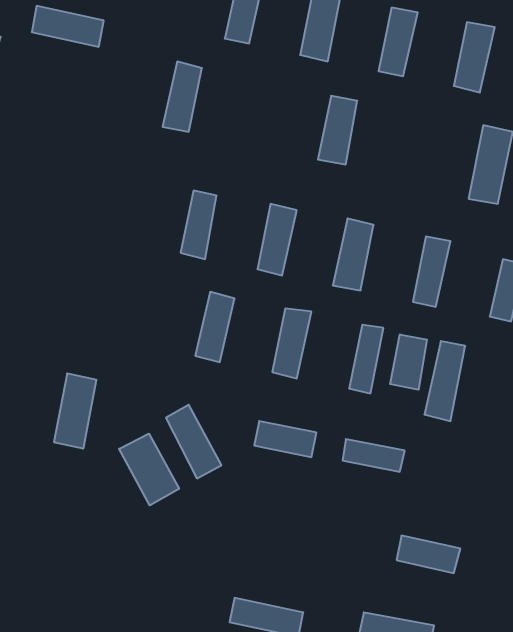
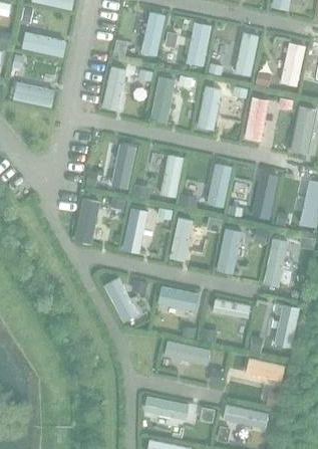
building: none -> [148,76,175,123]
building: none -> [12,82,54,106]
building: none -> [244,96,268,141]
building: [390,334,427,390] -> none
building: [54,373,97,449] -> [73,198,99,244]
building: [119,434,179,505] -> none
building: none -> [274,309,297,347]
building: none -> [164,340,210,365]

